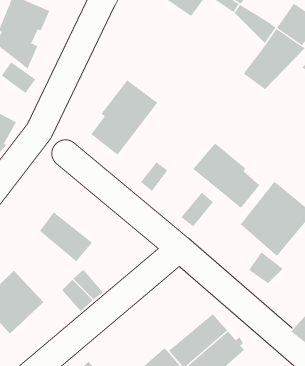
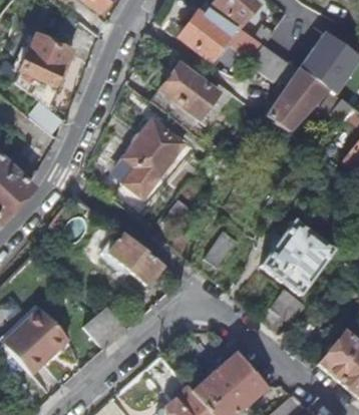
building: none -> [150,64,231,129]
building: [192,142,260,209] -> none
building: [39,212,93,262] -> [109,234,162,284]

